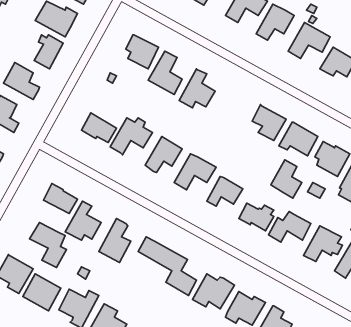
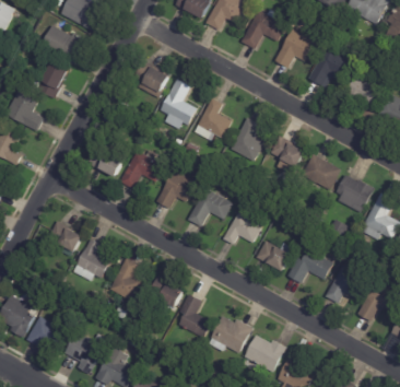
building: none -> [230,117,262,161]
building: [271,160,302,198] -> none
building: [30,222,67,268] -> none

